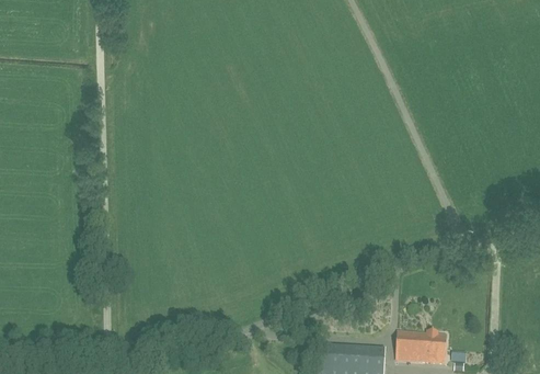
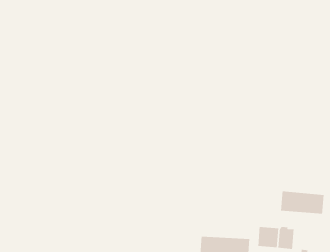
building: none -> [280,190,324,215]

